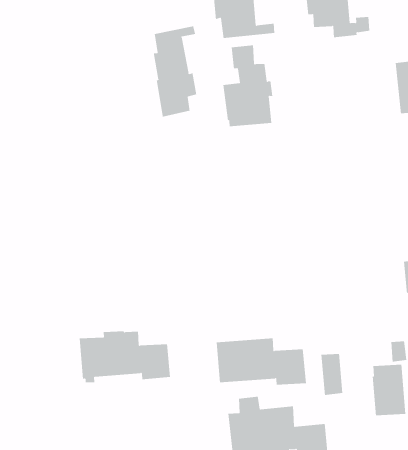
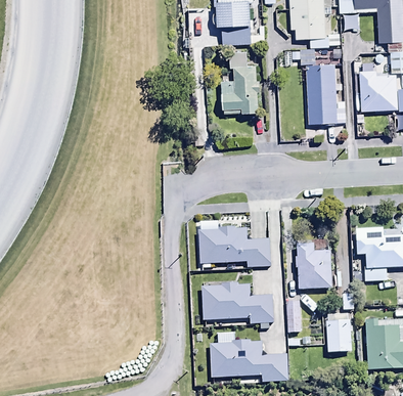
building: [153,25,197,118] -> none
building: none -> [306,65,345,124]
building: none -> [296,244,332,289]
building: [79,331,171,383] -> [199,226,271,266]

